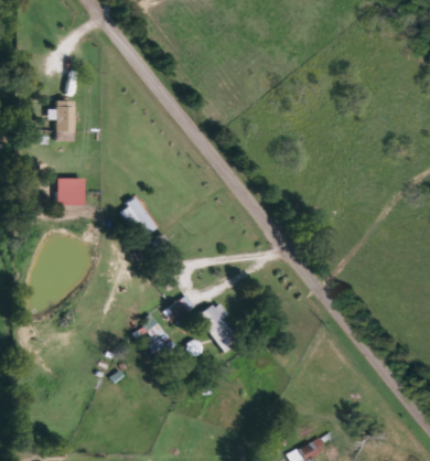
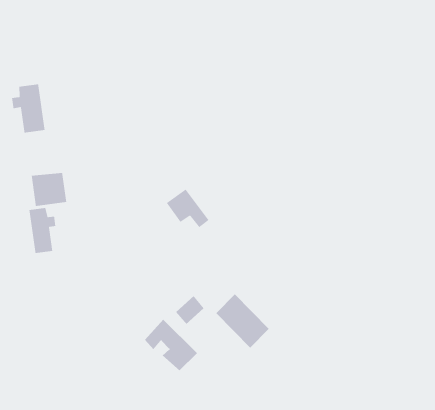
building: [119,199,154,234] -> [166,189,210,228]
building: none -> [29,207,56,254]

